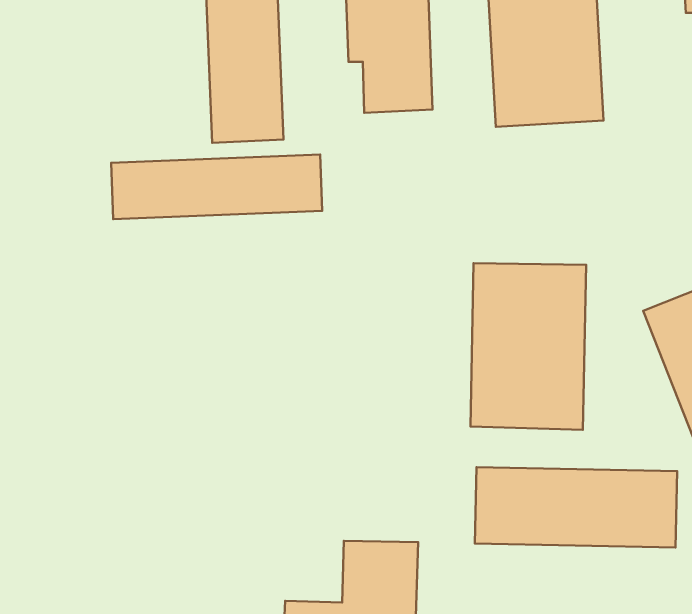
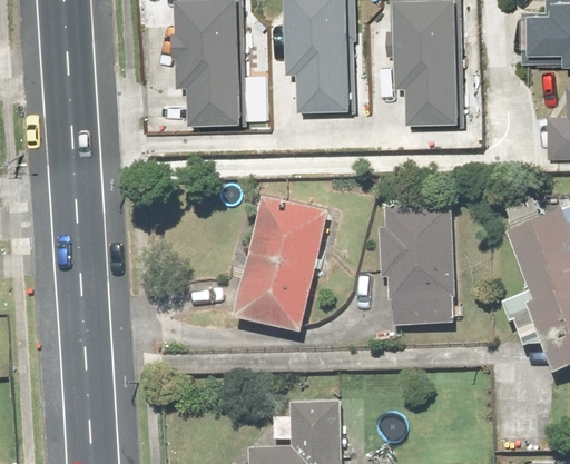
building: [111,155,322,219] -> none
building: none -> [236,205,334,336]
building: [475,467,677,547] -> none

